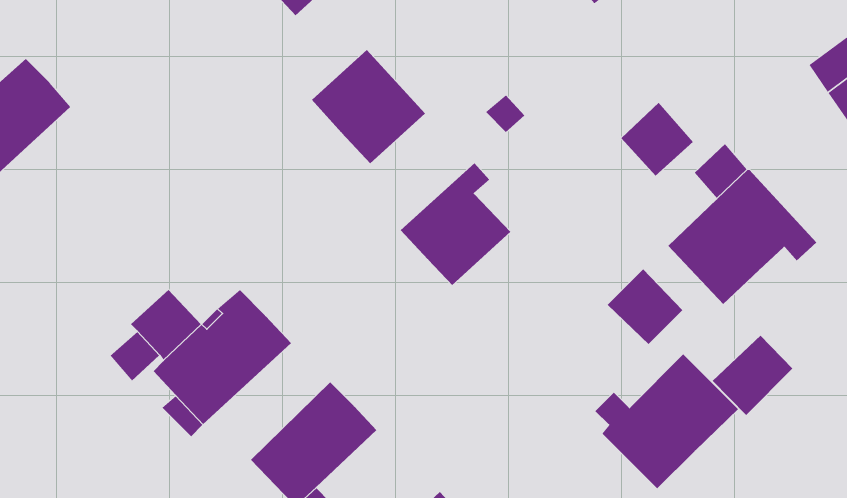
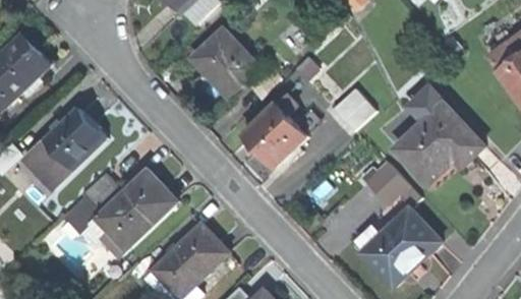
building: [621,102,694,177] -> [329,86,371,130]
building: none -> [23,109,104,188]
building: [712,335,793,416] -> none

